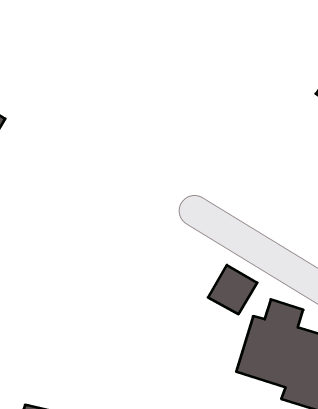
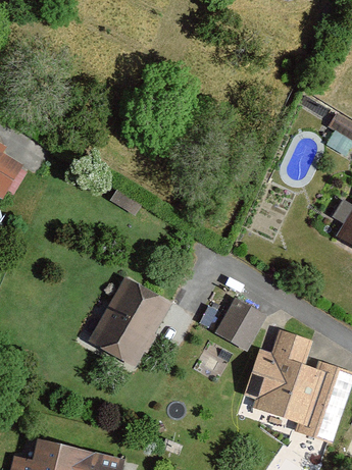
building: none -> [89,278,169,366]

